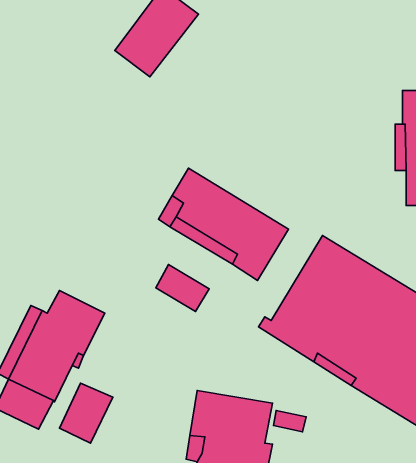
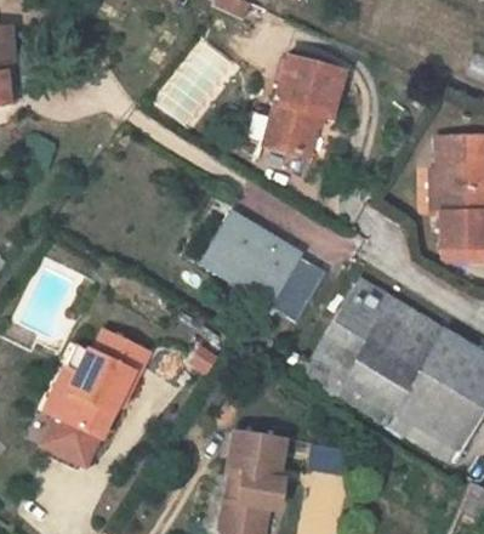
building: none -> [263,57,345,158]
building: [156,264,209,311] -> none
building: [59,383,113,443] -> none

